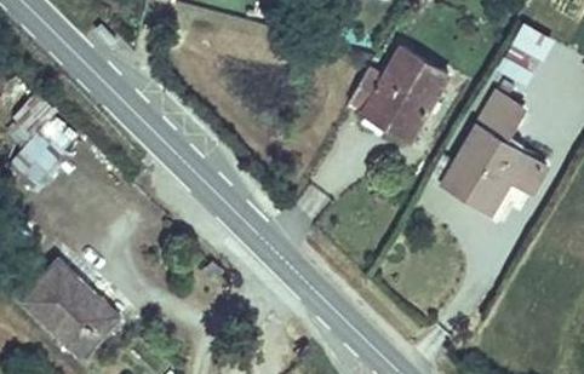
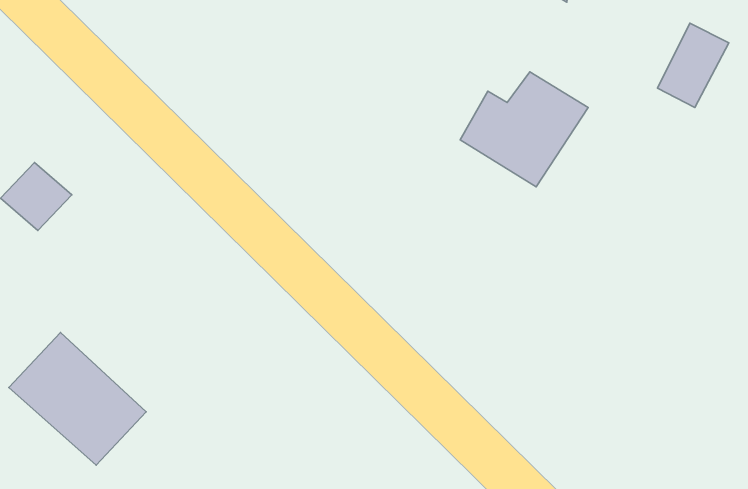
building: [443,98,544,212] -> none

